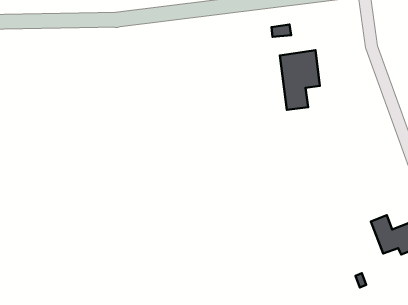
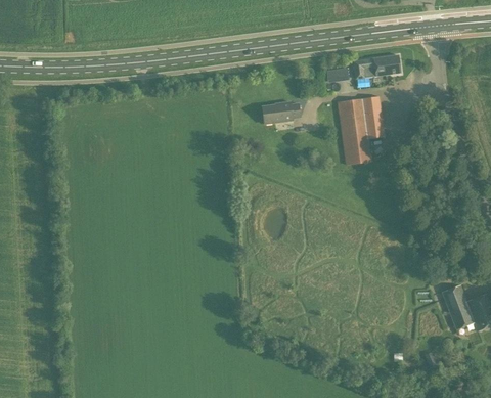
building: none -> [353,54,399,78]
building: none -> [261,101,300,123]

